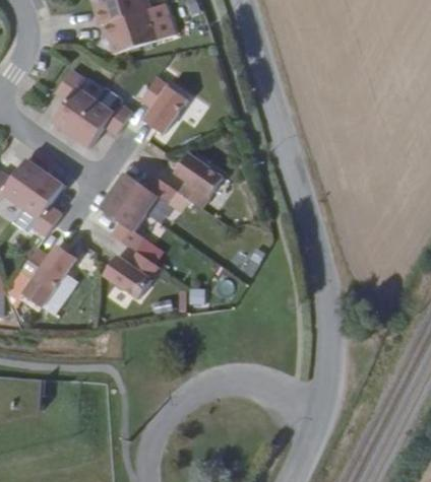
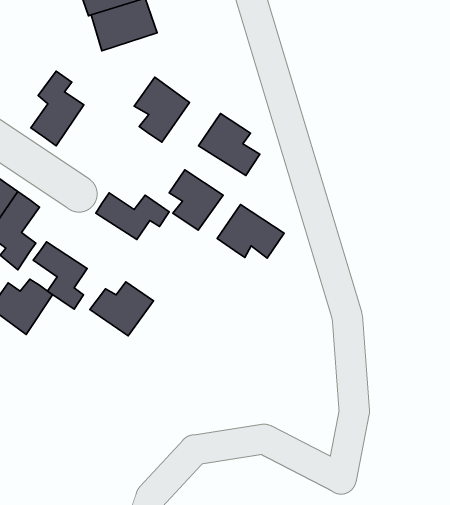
building: [77,99,135,146] -> none
building: none -> [199,113,260,175]
building: none -> [217,204,284,258]
building: [100,191,145,248] -> [33,242,87,309]

